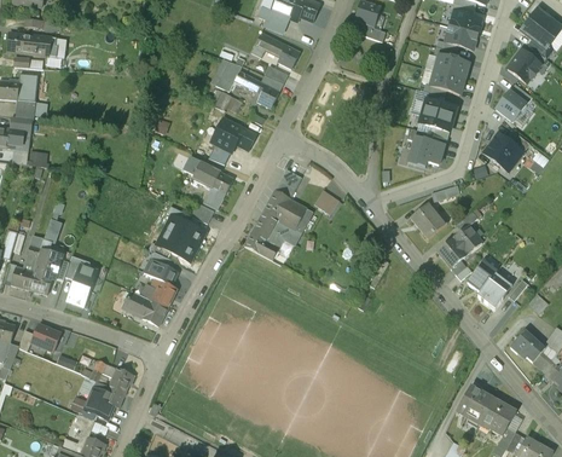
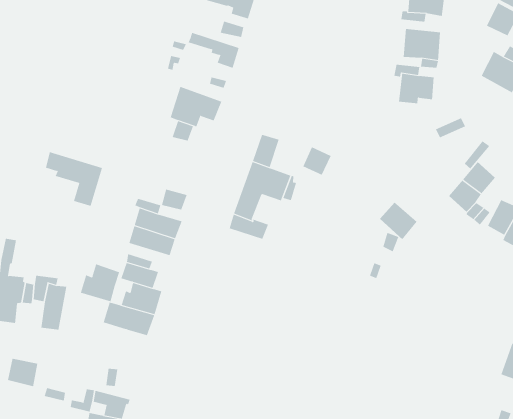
building: [184,156,233,209] -> [45,152,103,206]
building: [411,204,444,238] -> [379,202,418,240]
building: none -> [80,263,120,302]

